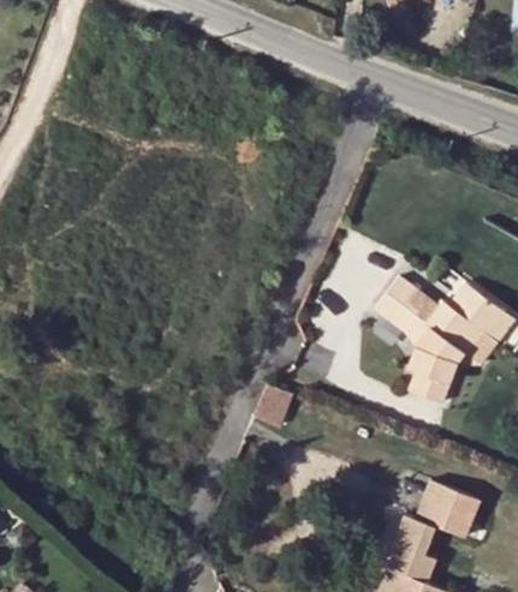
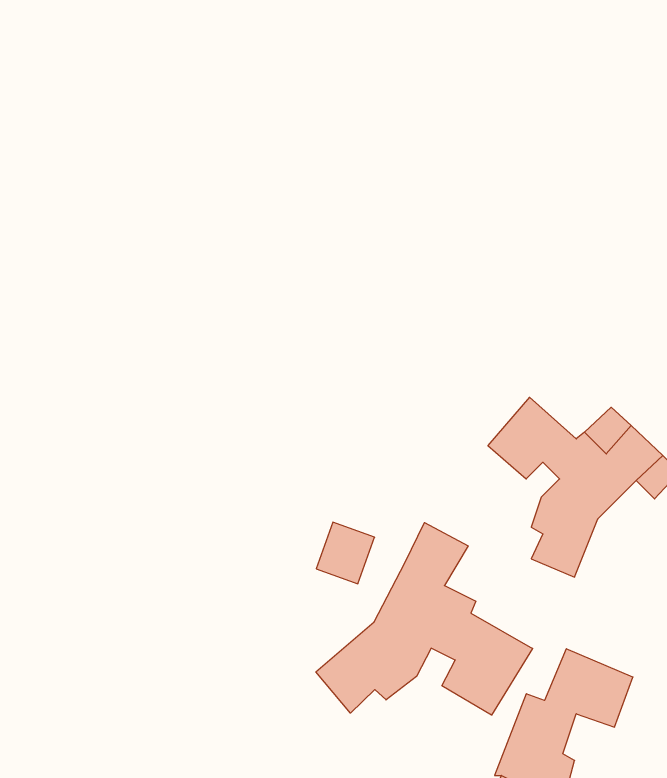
building: none -> [316,523,533,715]

